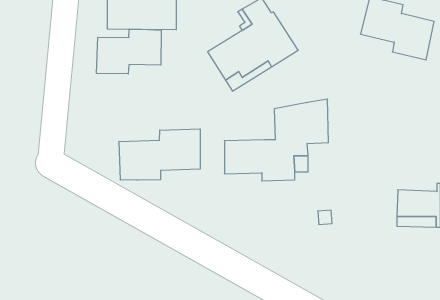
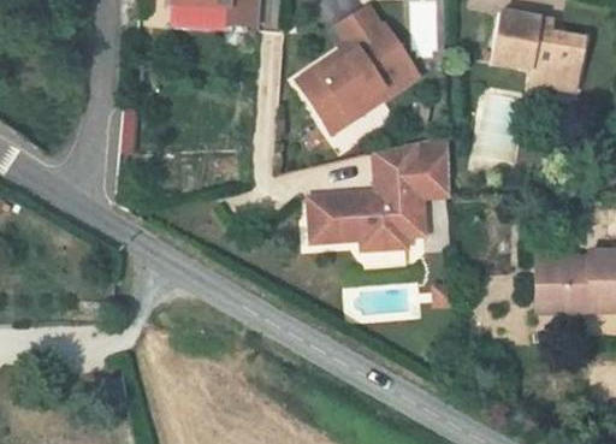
building: [96,29,161,74] -> none
building: [119,129,200,180] -> none

